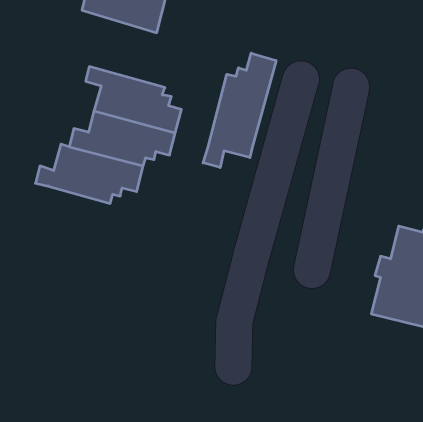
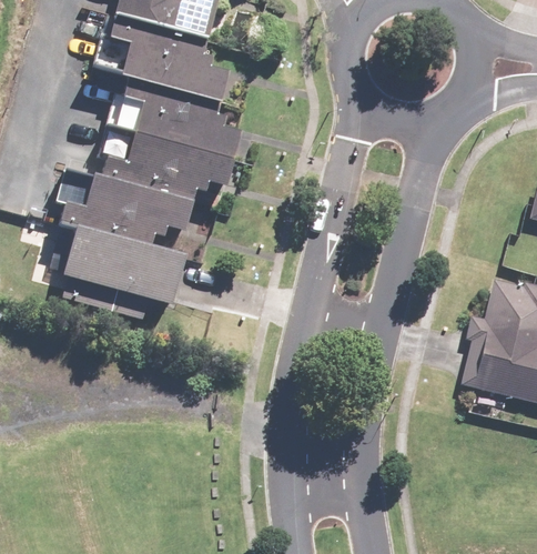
building: none -> [109,12,226,107]
building: [203,53,276,168] -> none
building: none -> [62,226,185,305]

